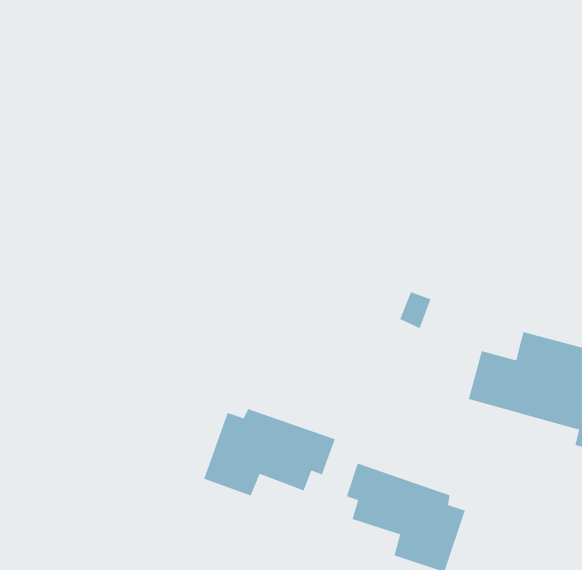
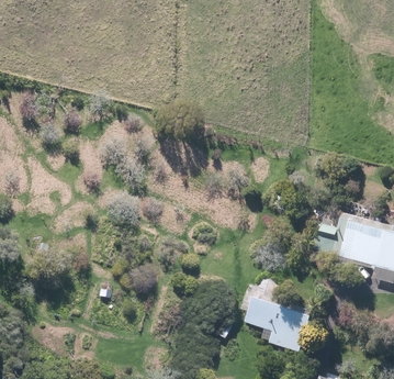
building: [203,408,336,497] -> none

